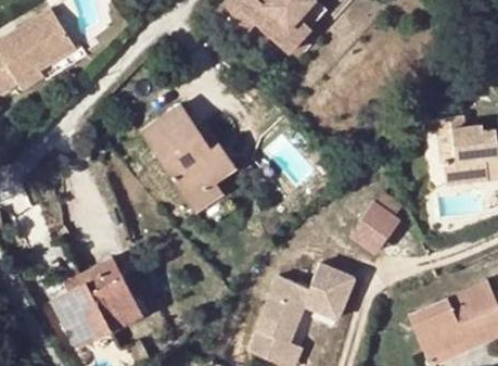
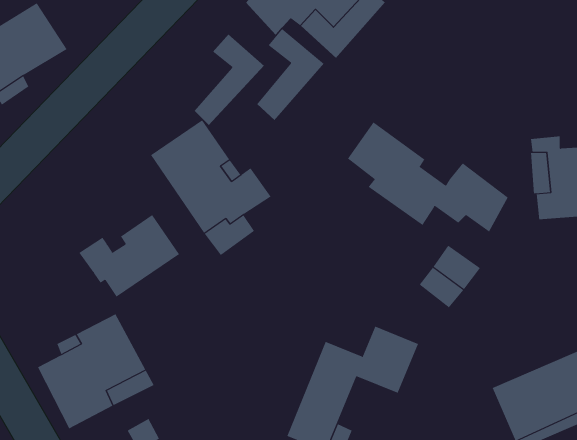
building: none -> [257,28,325,121]
building: none -> [194,34,265,126]
building: none -> [347,122,509,233]
building: none -> [79,214,180,298]

